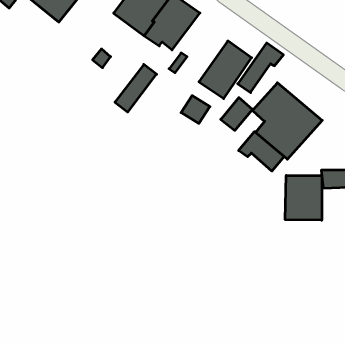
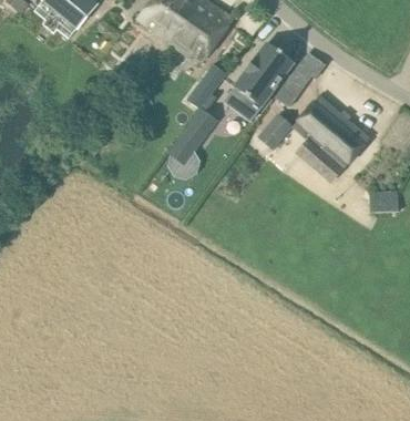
building: [115,64,157,112] -> [168,111,215,164]
building: [239,132,284,171] -> none
building: [285,175,322,220] -> none

